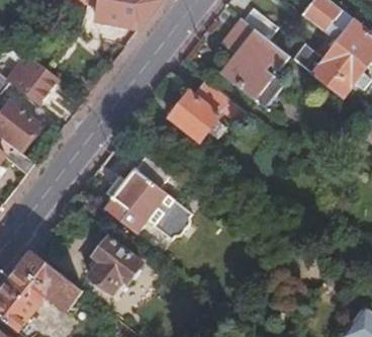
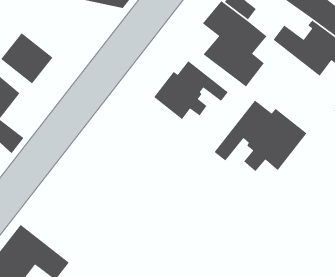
building: none -> [214,100,307,172]
building: [104,156,191,241] -> none
building: [87,237,143,296] -> none

